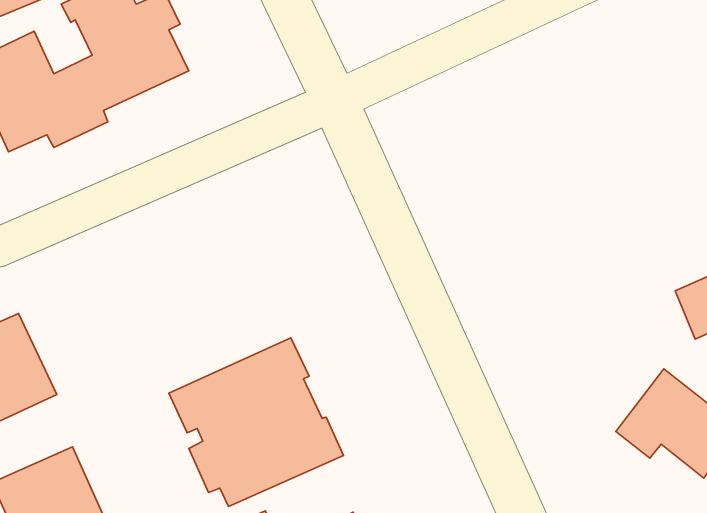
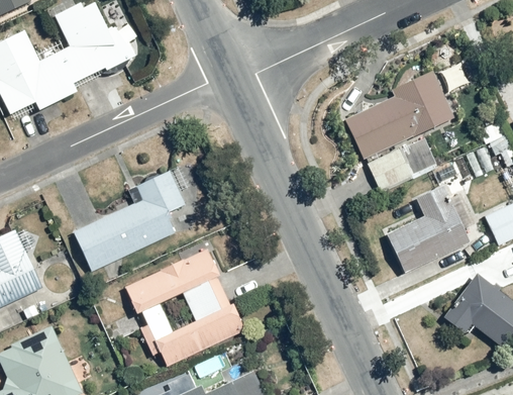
building: none -> [344,68,454,194]
building: none -> [71,171,186,272]
building: none -> [386,184,465,271]

